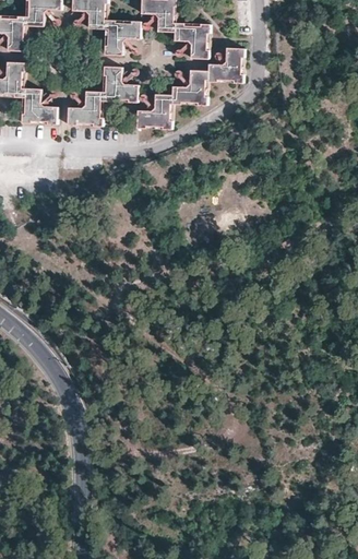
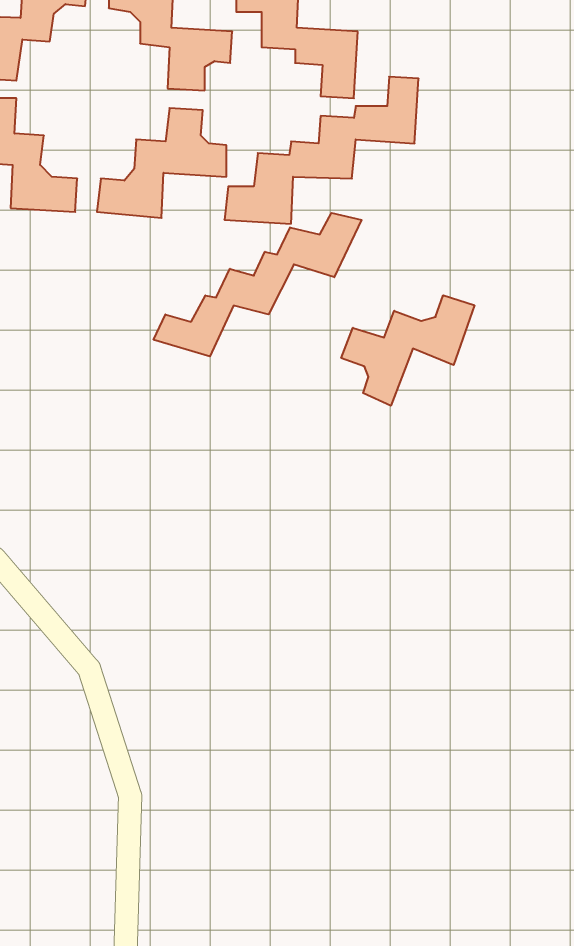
building: none -> [154,213,362,356]
building: none -> [341,295,474,406]

